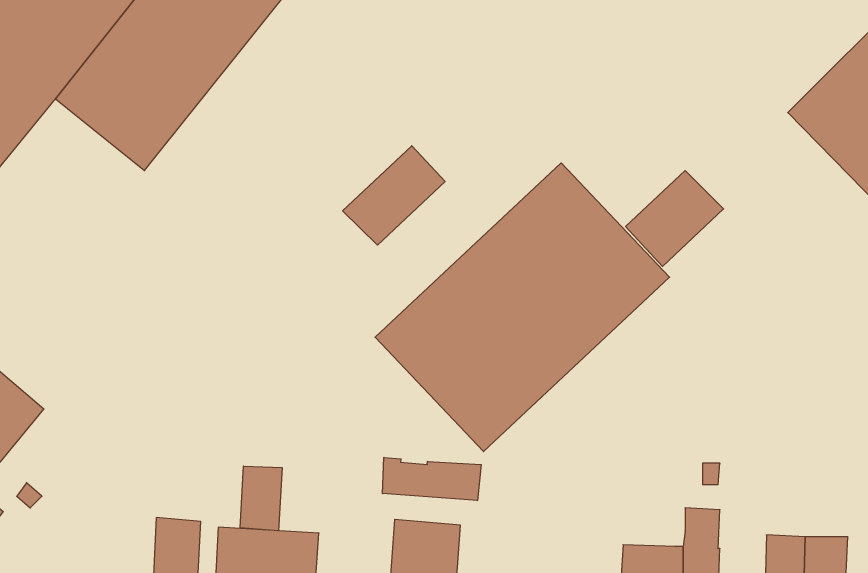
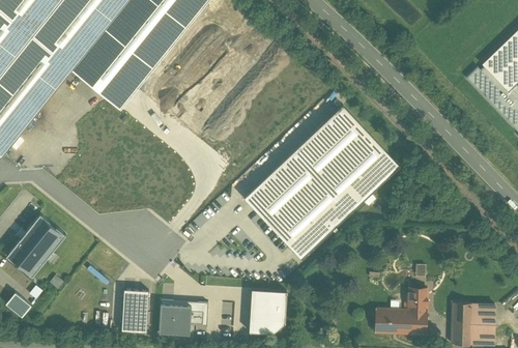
building: [343,146,445,245] -> none
building: [626,171,724,266] -> none
building: [382,457,481,501] -> none
building: [240,466,282,531] -> none

